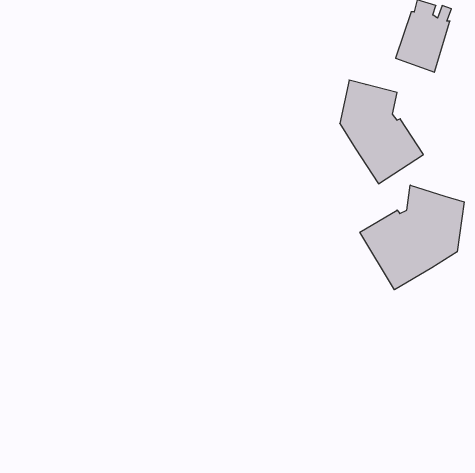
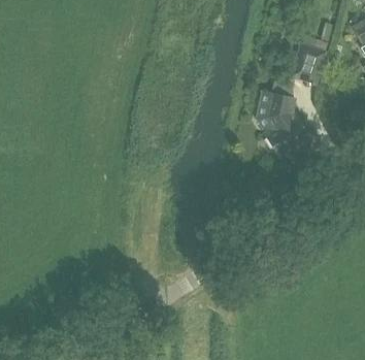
building: [360,185,464,290] -> none

